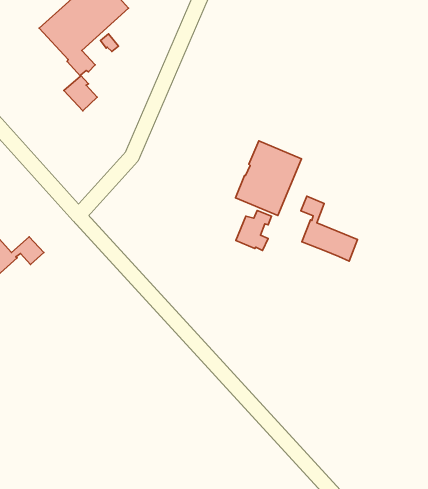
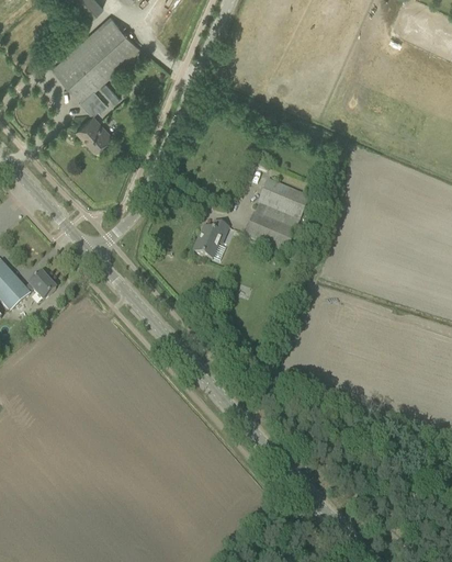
building: [301,196,358,261] -> none
building: [236,210,272,251] -> [193,220,228,259]

